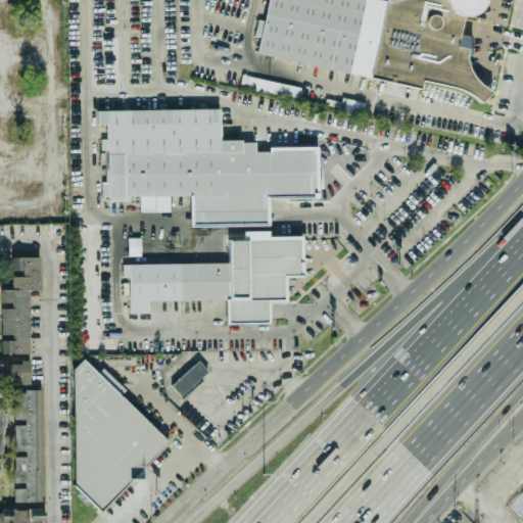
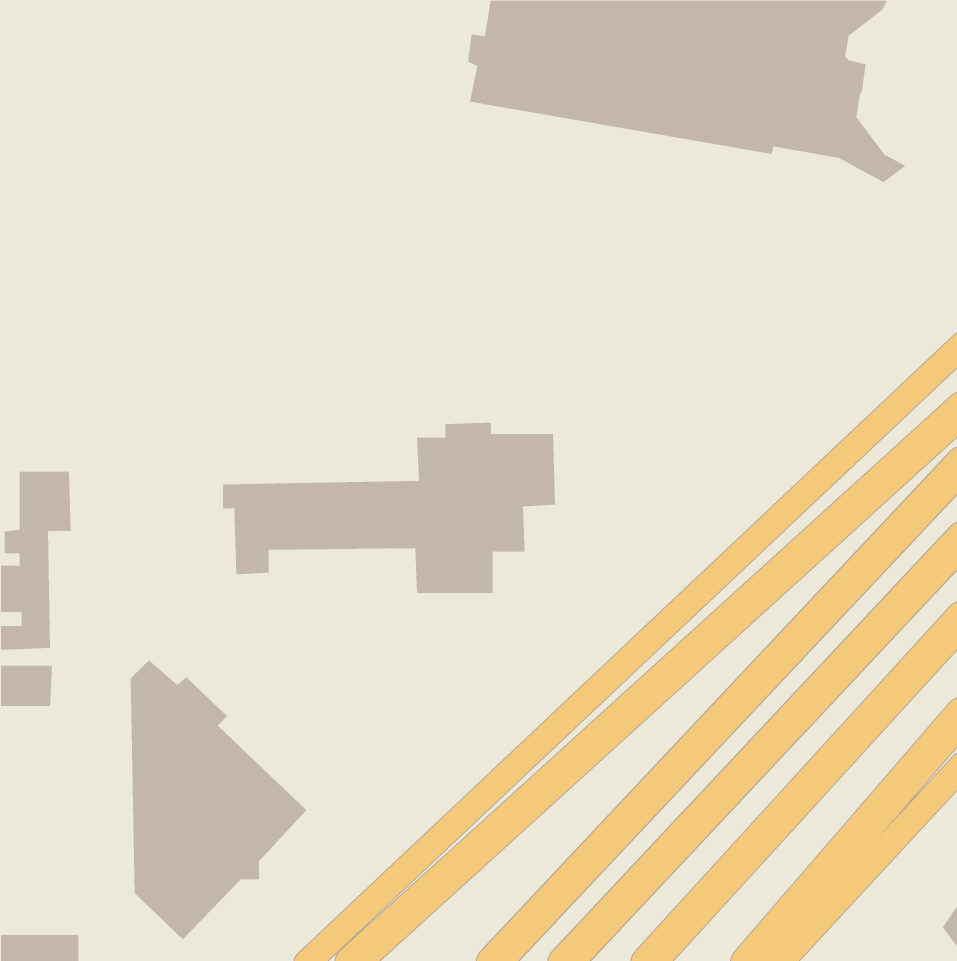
building: [99,108,320,226] -> none
building: [173,360,209,395] -> none
building: [15,389,44,502] -> none

